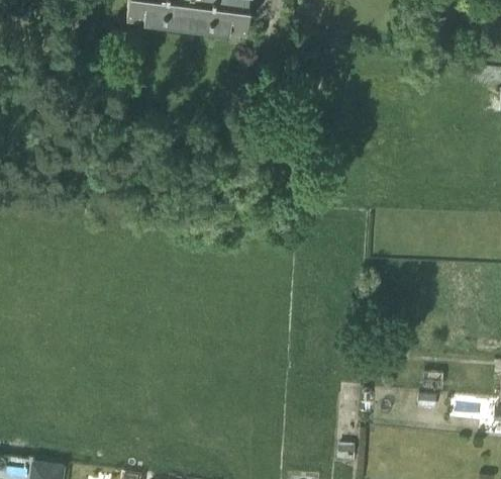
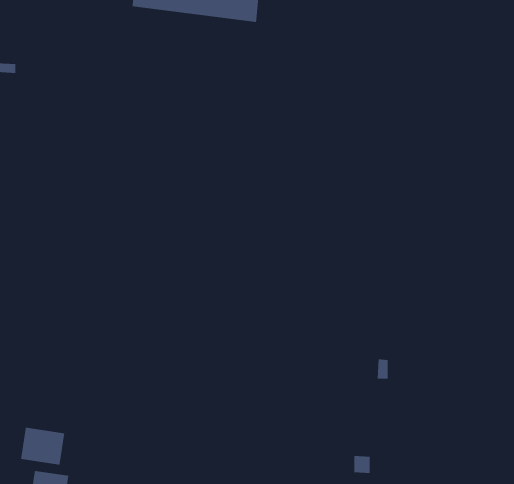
building: none -> [20,427,65,465]

